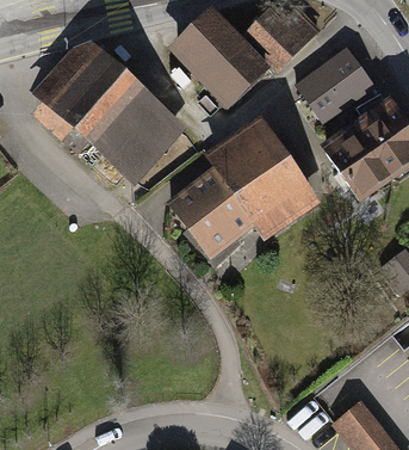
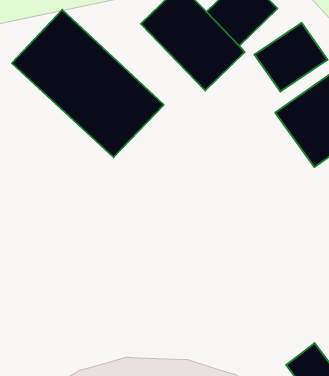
building: [168,115,327,261] -> none

